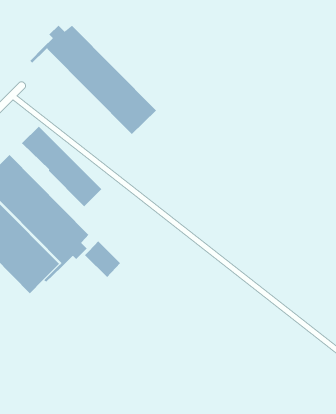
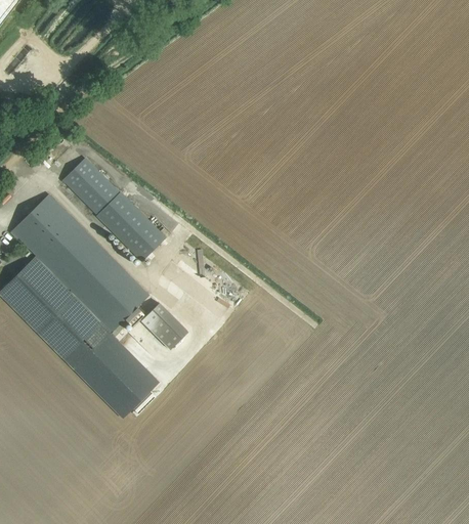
building: [29,25,157,135] -> none
building: none -> [74,337,159,418]

